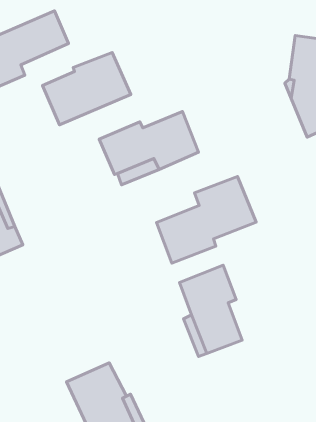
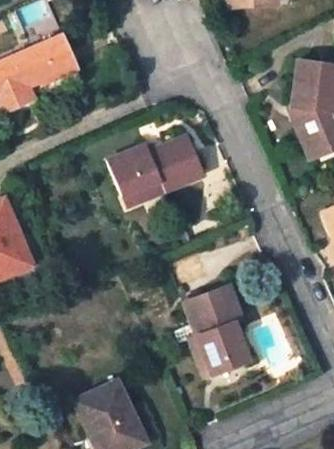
building: [43,52,131,125] -> none
building: [157,177,256,263] -> none

